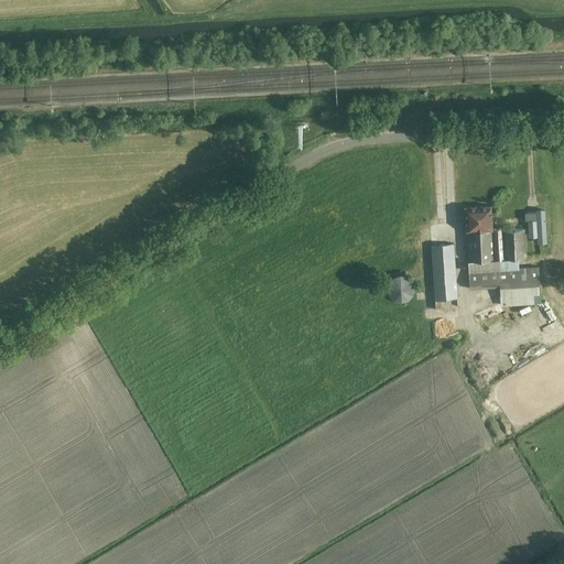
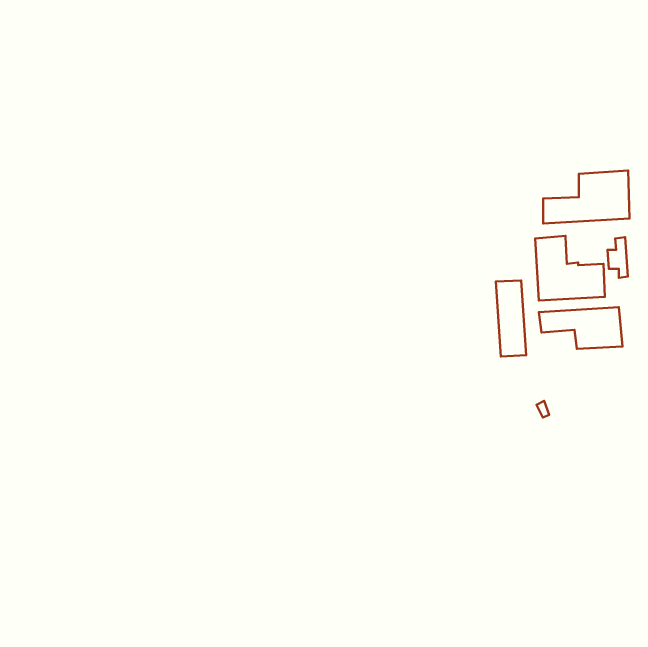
building: none -> [543,171,630,223]
building: [388,275,413,301] -> none

